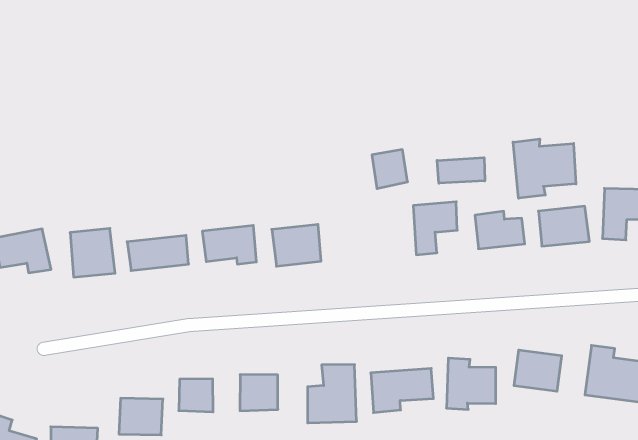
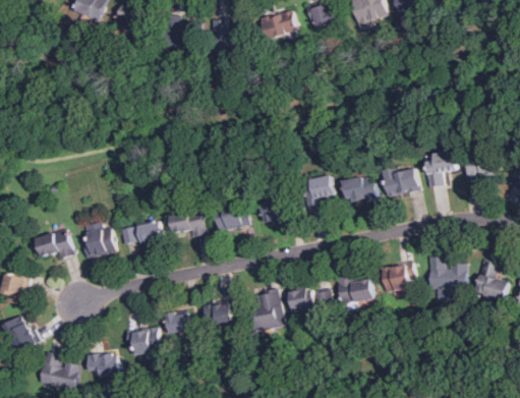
building: [513,139,576,198] -> none
building: [372,150,408,189] -> [259,195,285,223]
building: [437,158,485,183] -> none

